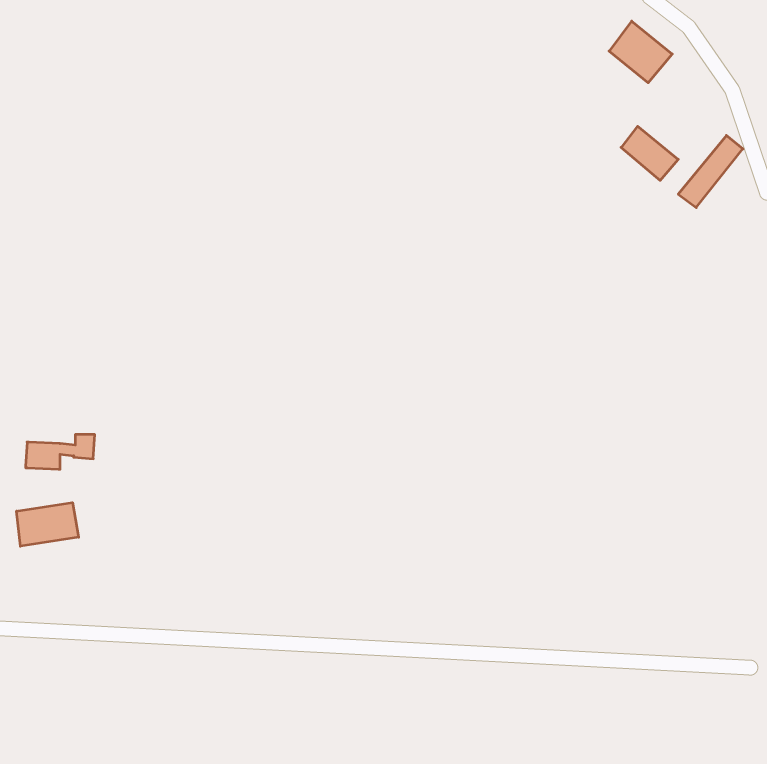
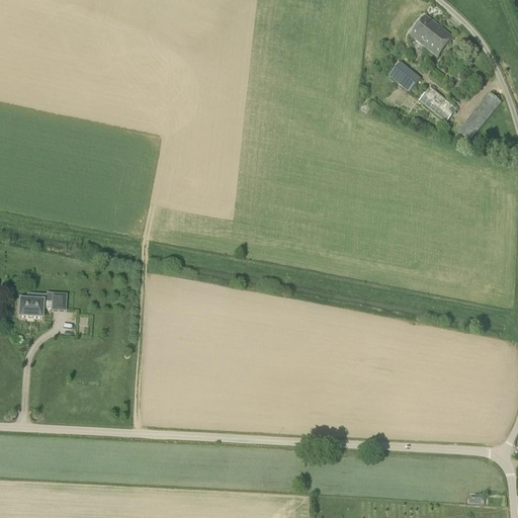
building: none -> [387,61,420,91]
building: [17,503,79,546] -> none

